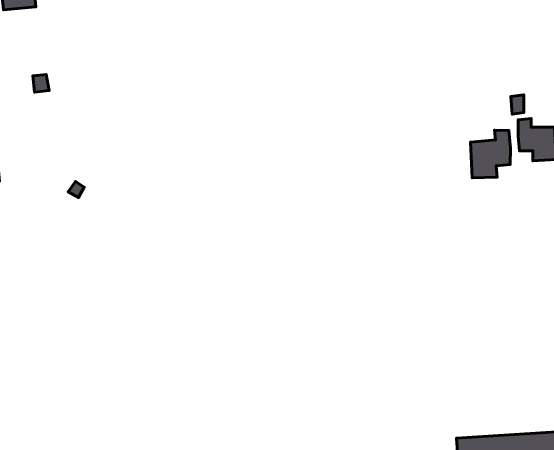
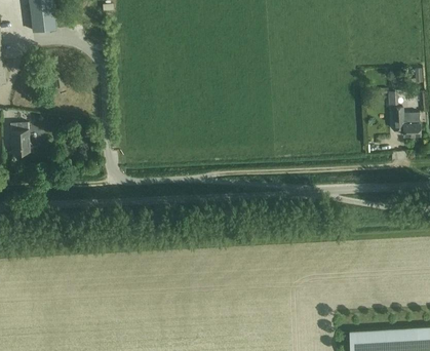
building: [471,130,510,178] -> none

